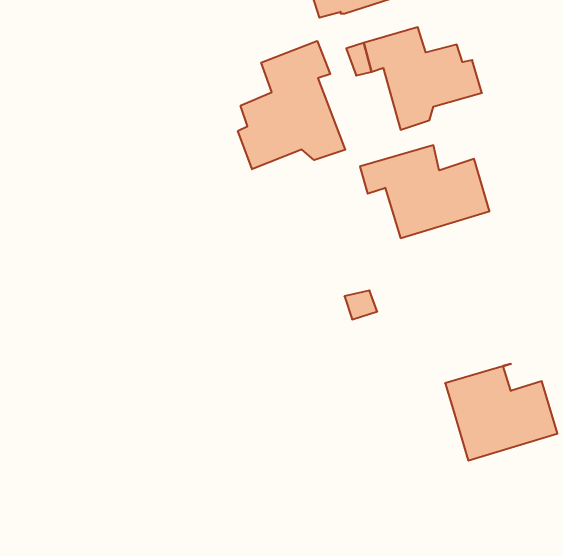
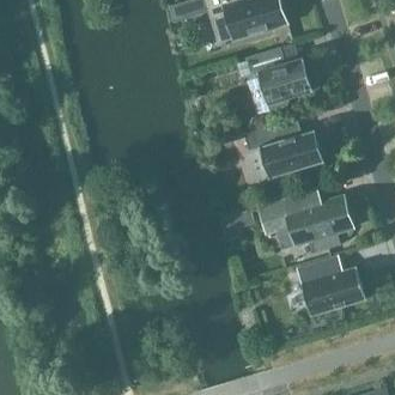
building: [238,41,345,169] -> none
building: none -> [259,192,354,251]

